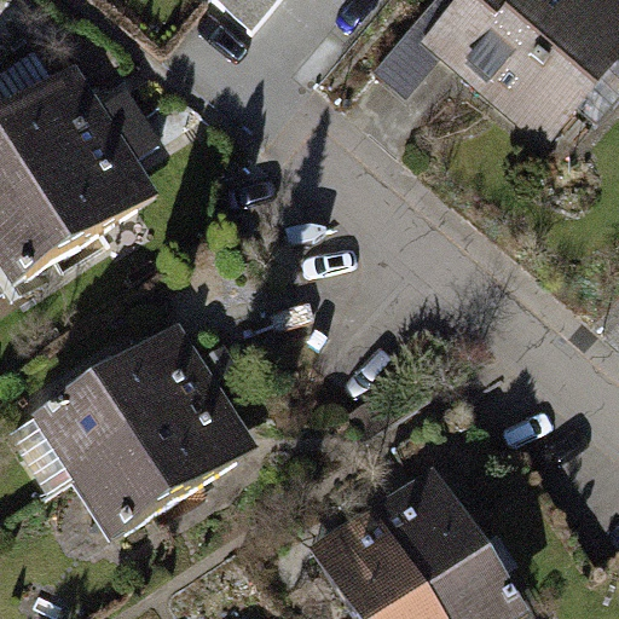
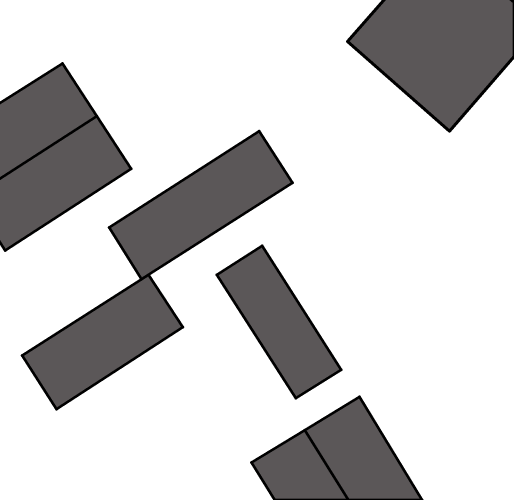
building: none -> [109,131,293,279]
building: none -> [217,246,341,398]
building: [68,392,260,553] -> none

